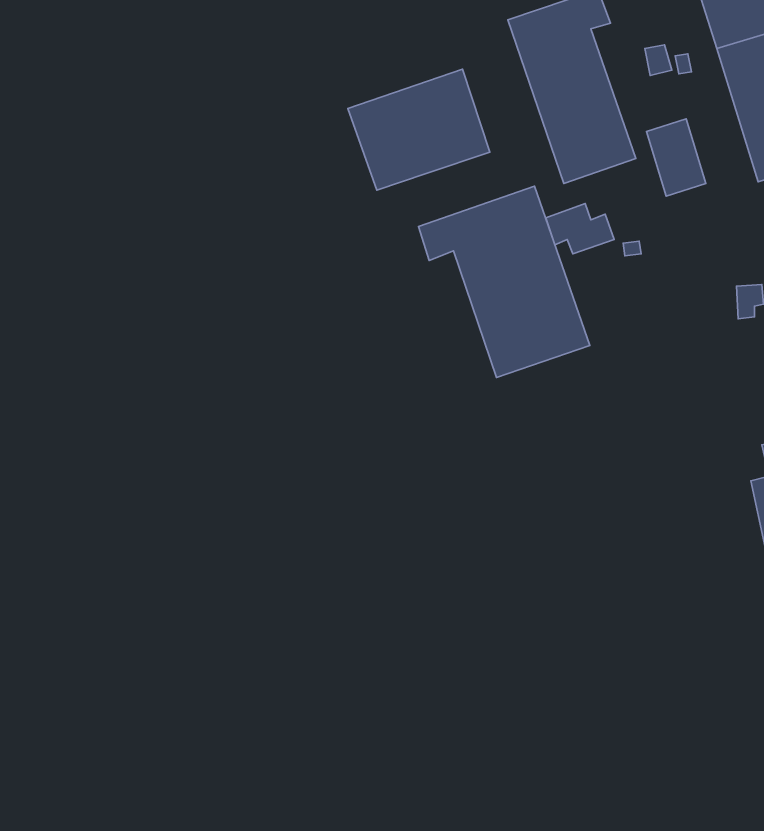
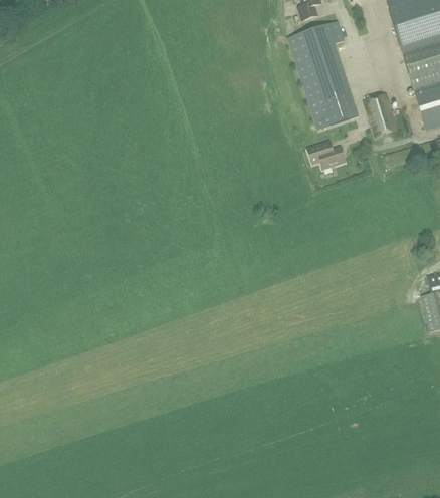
building: [348,69,490,190] -> none
building: [419,186,590,377] -> none

